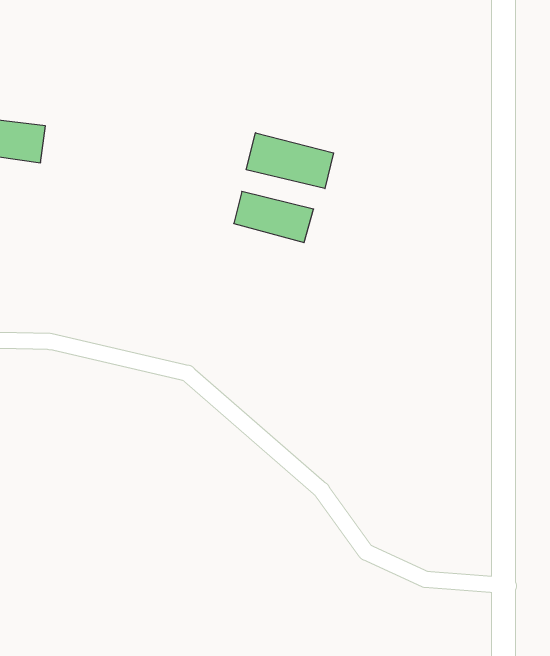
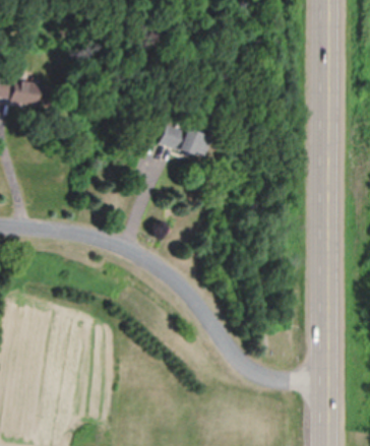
building: [246,133,334,189] -> none

